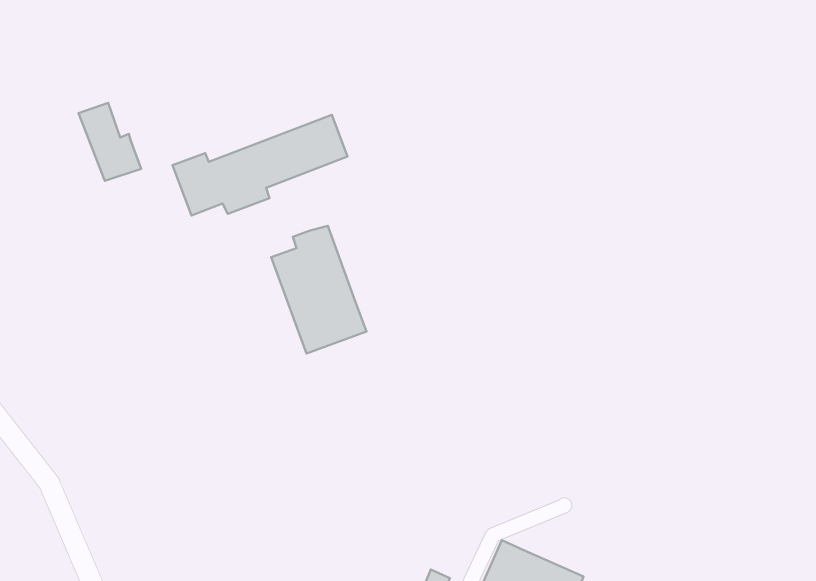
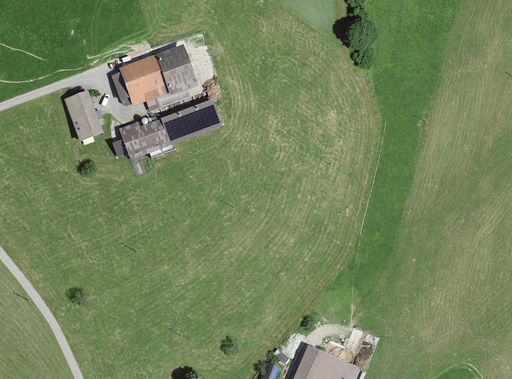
building: none -> [113,50,193,103]
building: [271,226,367,354] -> none

